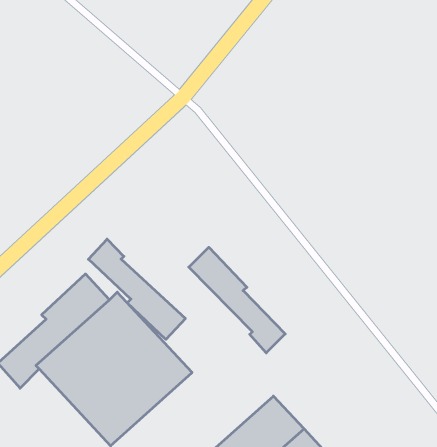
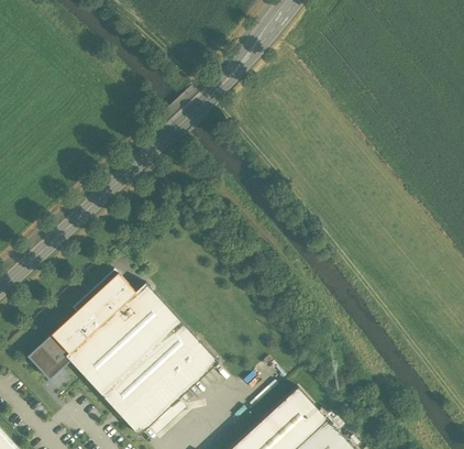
building: [88,239,185,339] -> none
building: [189,247,285,353] -> none

